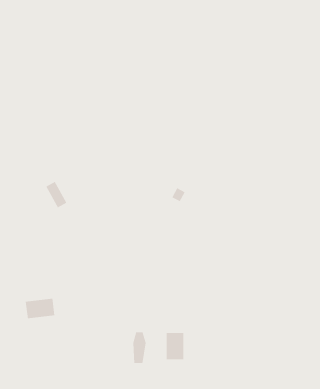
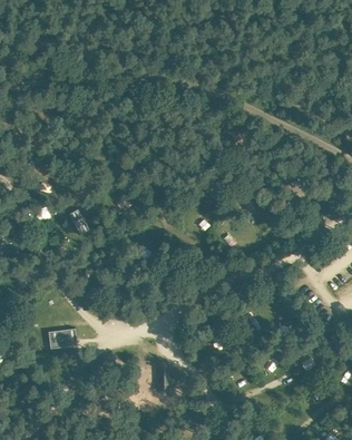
building: [166,332,184,360] -> none

